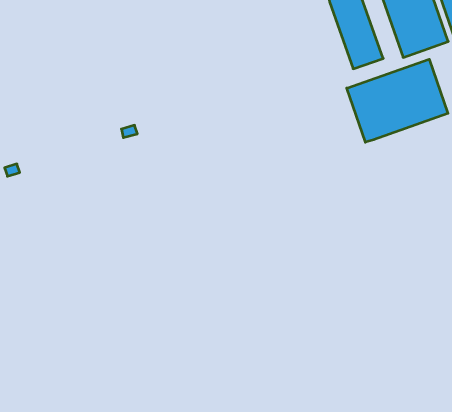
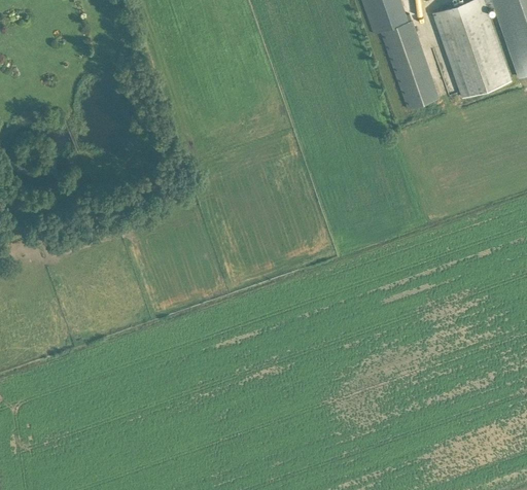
building: [347,59,448,142] -> none

